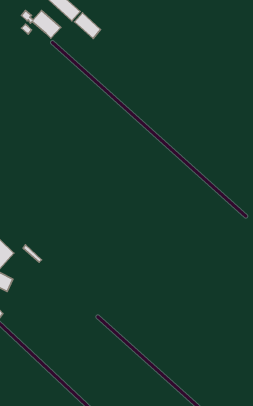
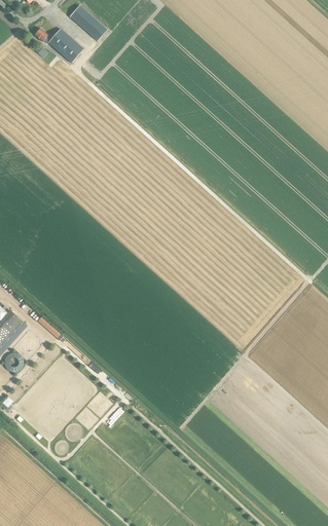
building: [74,13,101,38] -> none

